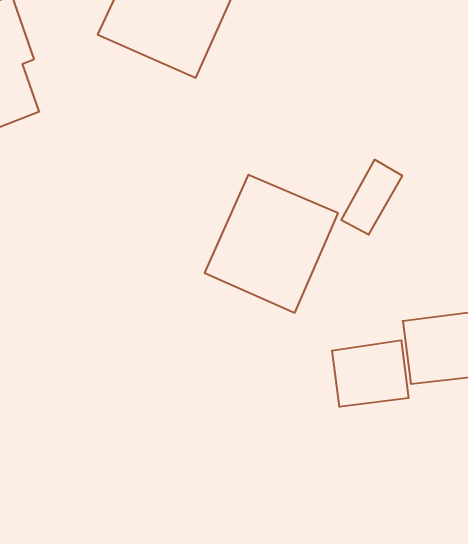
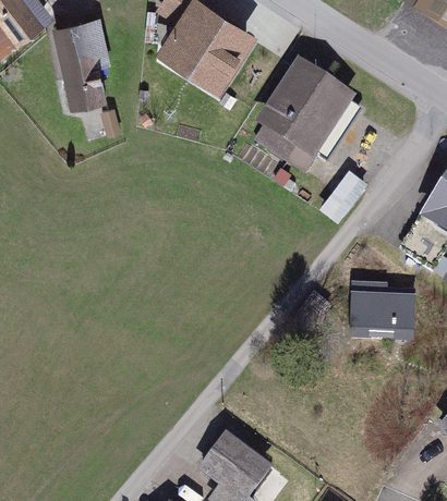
building: [205,175,338,313] -> [258,63,360,167]
building: [332,340,409,407] -> none

